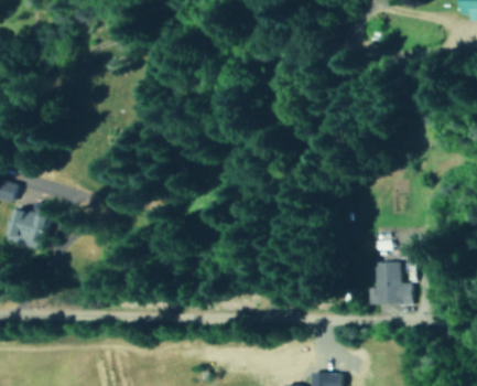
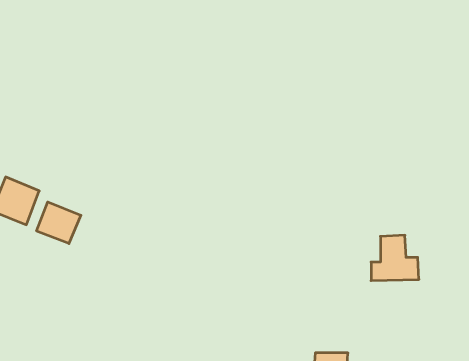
building: none -> [37,202,81,244]

